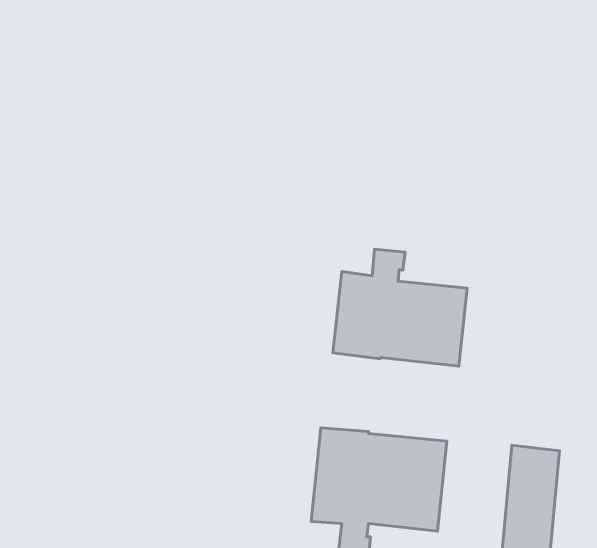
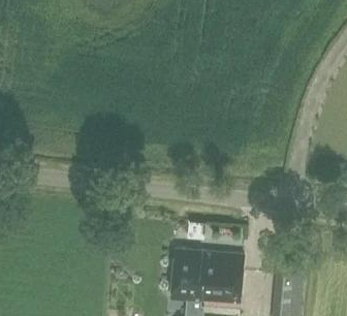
building: [333,249,467,366] -> none

